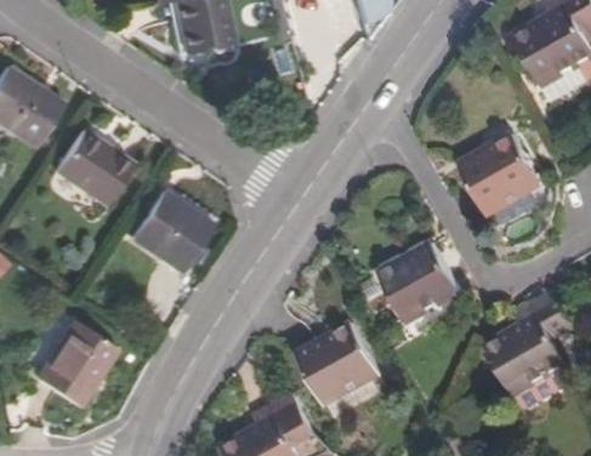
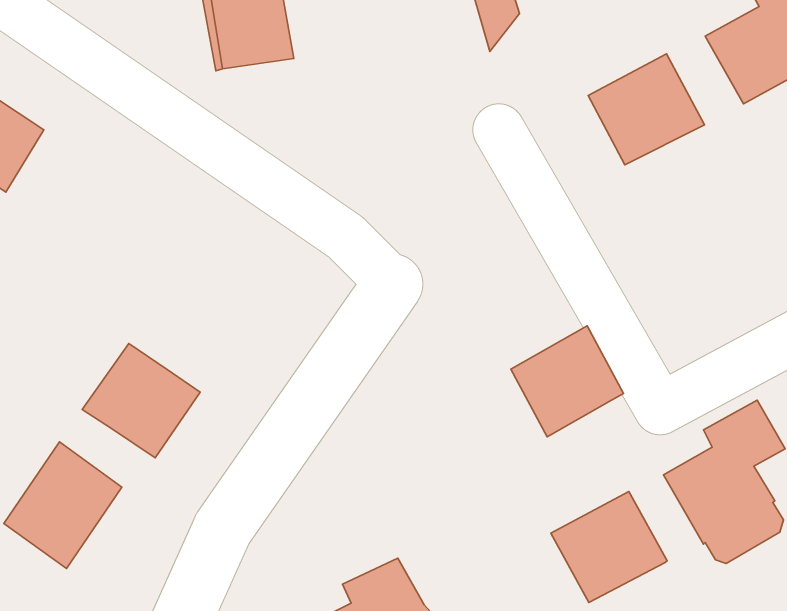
building: [462,131,544,209] -> [588,54,705,165]
building: [49,132,124,203] -> none
building: [121,189,204,269] -> [82,344,200,458]
building: [306,325,387,403] -> [551,491,667,602]

